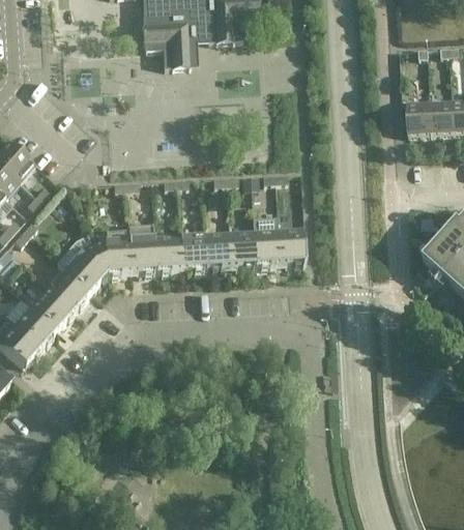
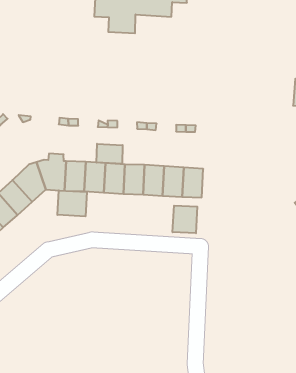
building: none -> [97,144,123,164]
building: none -> [57,190,87,216]
building: none -> [173,206,197,233]

